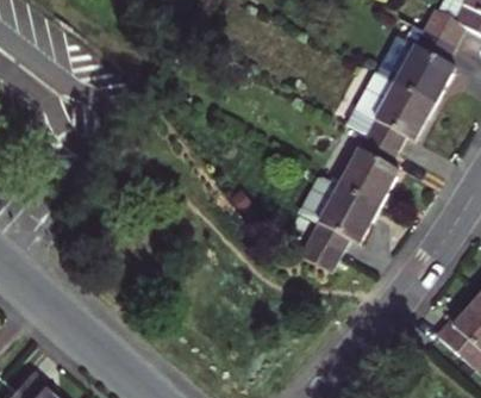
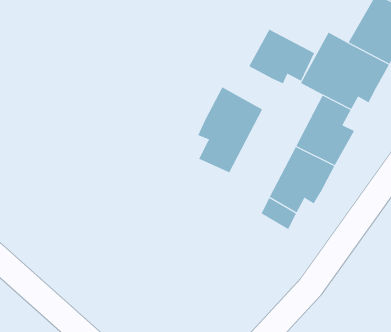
building: none -> [248,29,315,84]
building: none -> [197,87,263,173]

